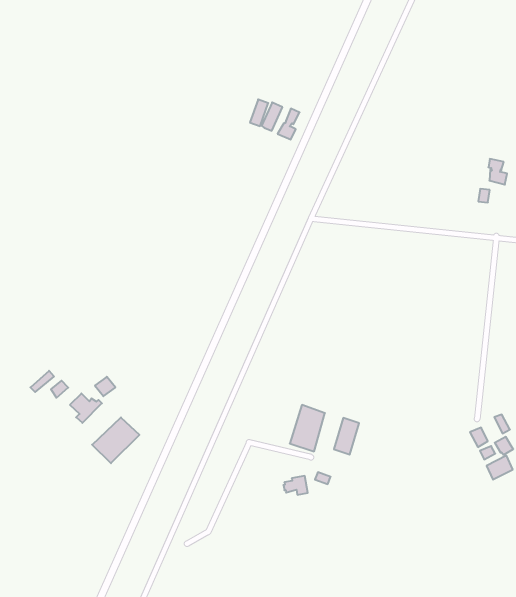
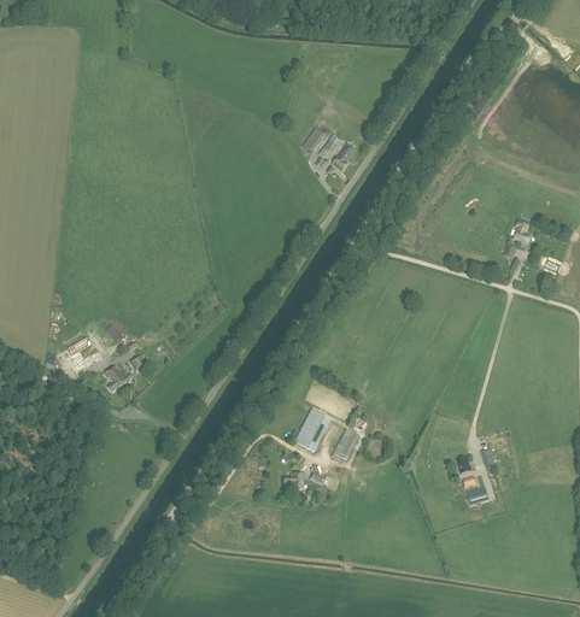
building: [92,417,139,463] -> none

